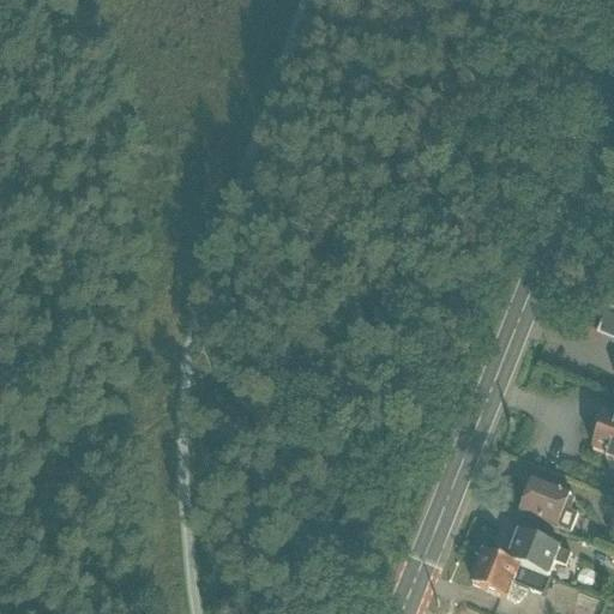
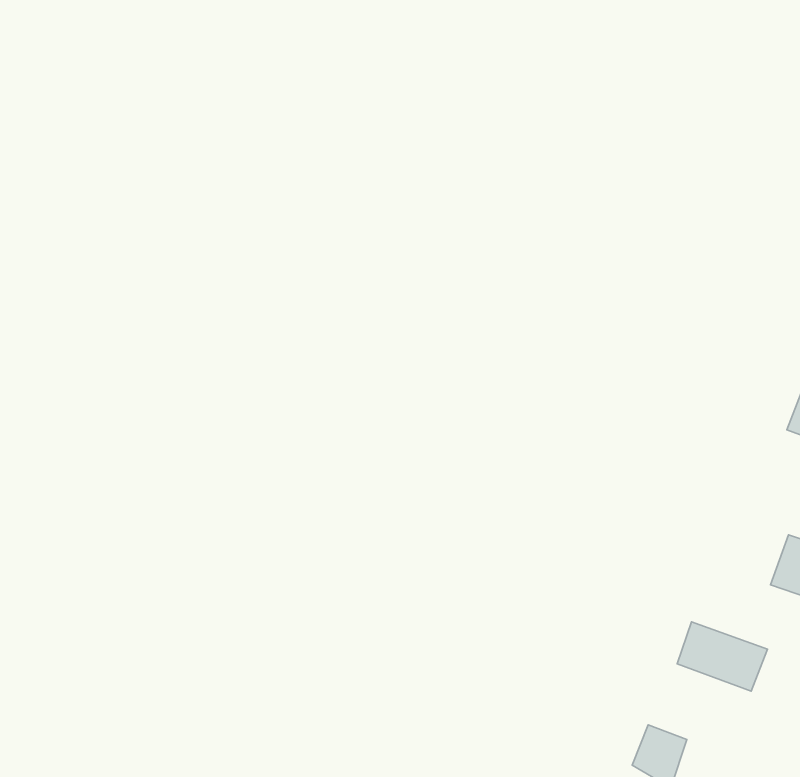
building: [489,519,562,572] -> none

